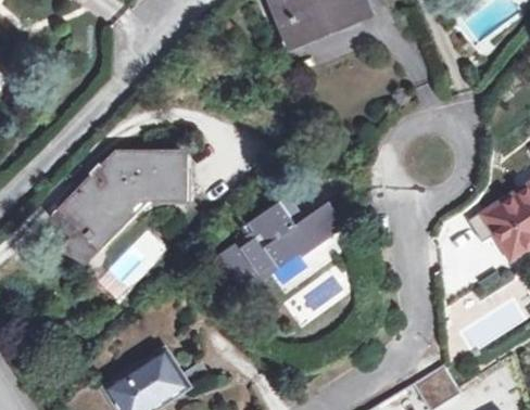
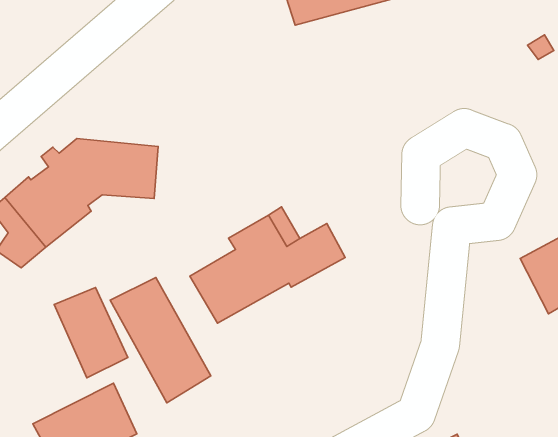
building: none -> [110,278,211,403]
building: none -> [54,288,128,378]

